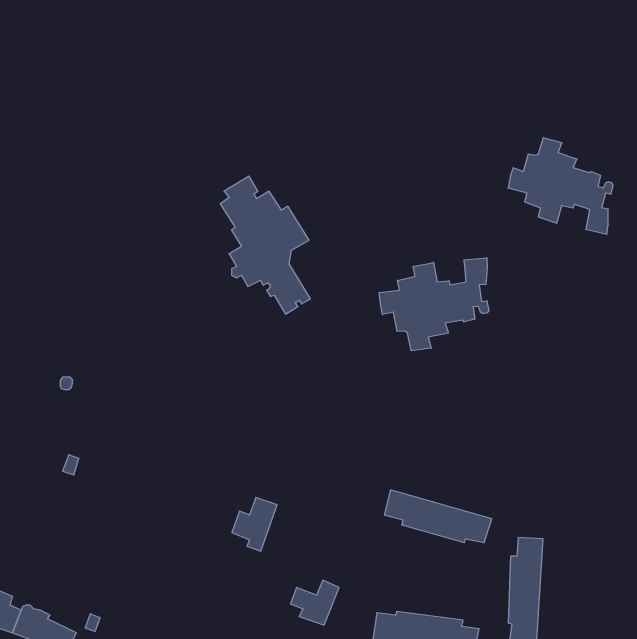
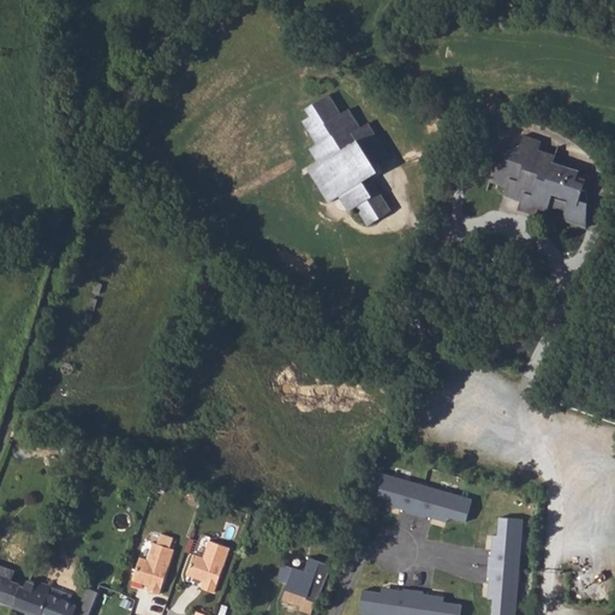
building: [220,176,310,314] -> [303,95,389,227]
building: [379,258,489,351] -> none
building: [232,497,277,551] -> [185,539,228,591]
building: none -> [132,533,174,586]

